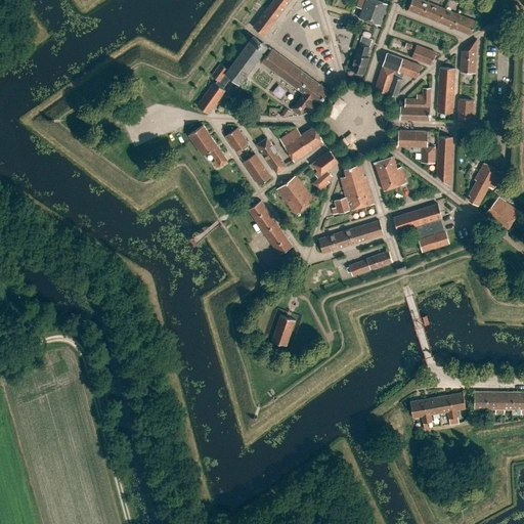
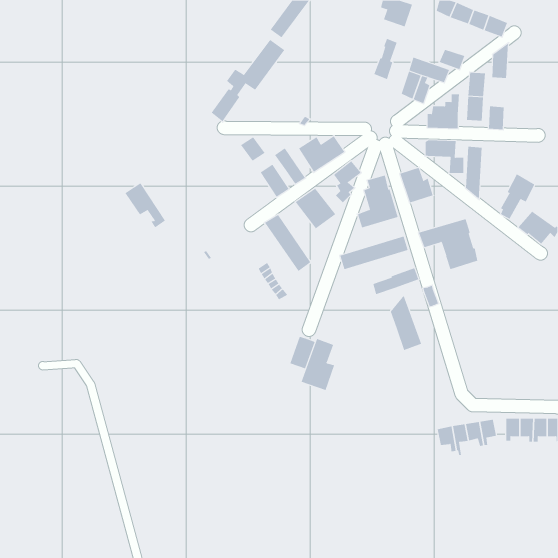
building: [262,49,329,116] -> none
building: [188,125,227,168] -> [124,182,166,228]
building: none -> [390,295,422,351]
building: none -> [301,338,335,391]

